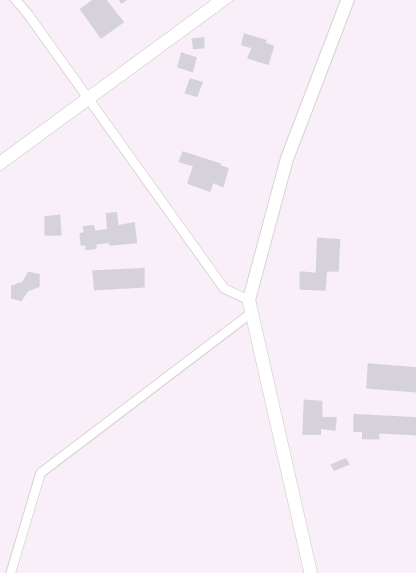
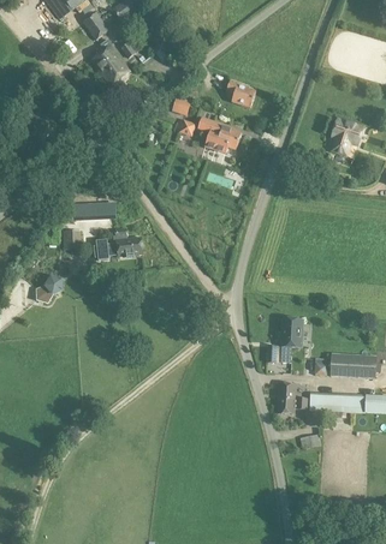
building: none -> [331,118,363,154]
building: [177,151,230,193] -> [197,118,240,153]
building: [299,237,341,291] -> [267,317,302,361]
building: [92,267,145,291] -> [71,201,115,220]

